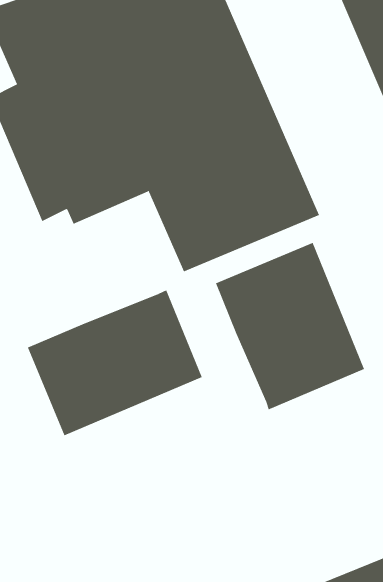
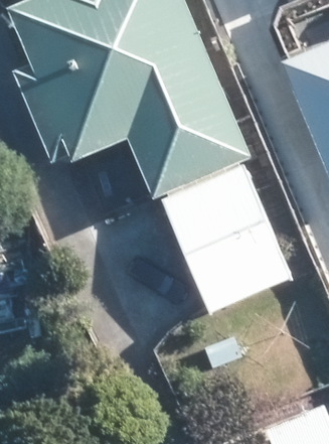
building: [27,289,202,436] -> none

